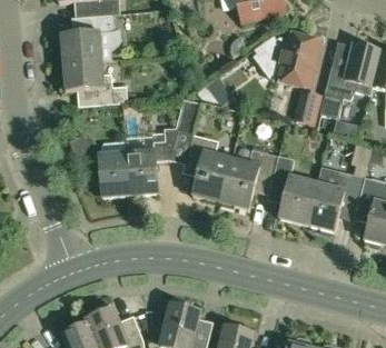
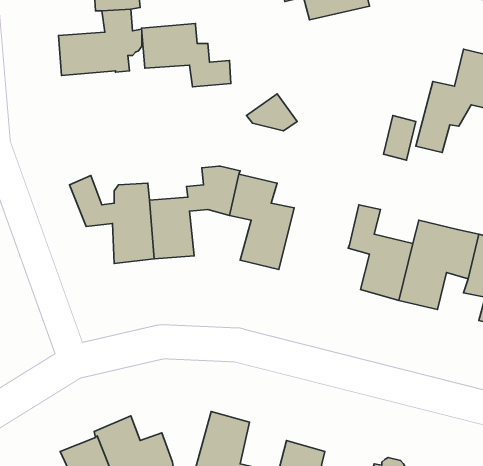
building: [251,33,319,88] -> none
building: [62,59,127,105] -> [142,24,231,87]
building: [219,149,277,210] -> none

